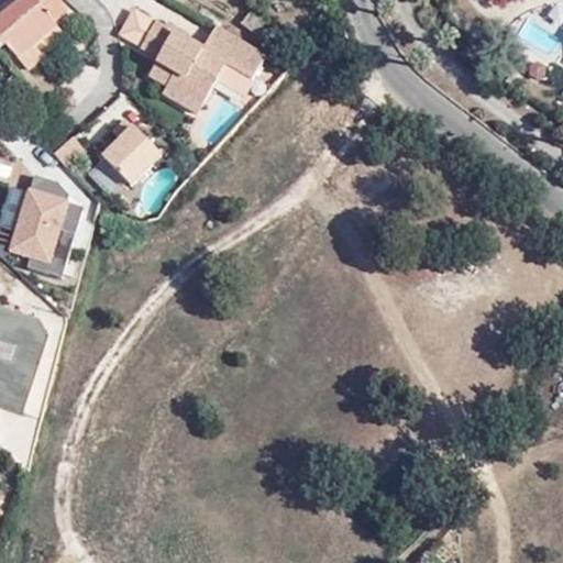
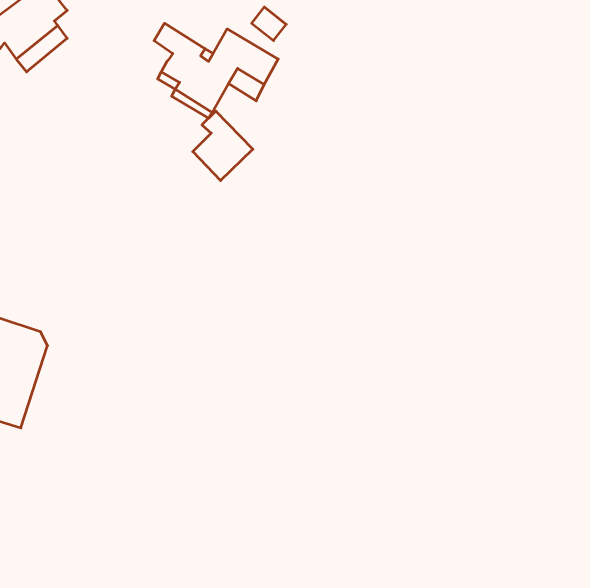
building: [119,10,164,58] -> none
building: [104,118,162,184] -> [193,111,253,181]
building: [7,183,68,260] -> none

